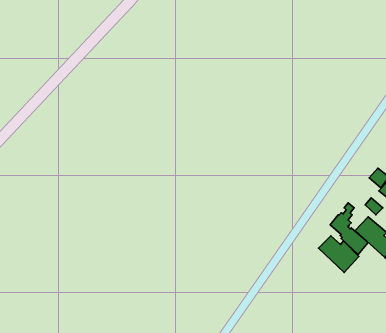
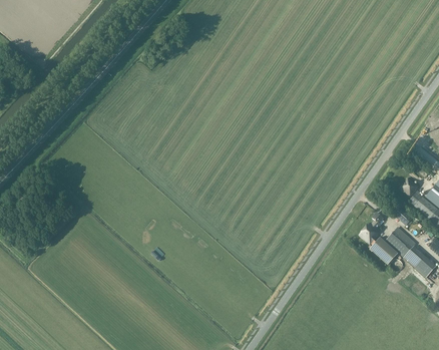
building: [318,236,359,272] -> none

